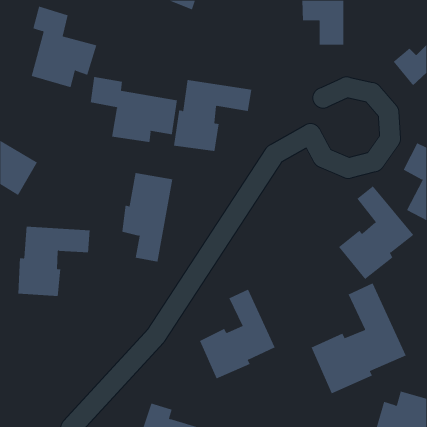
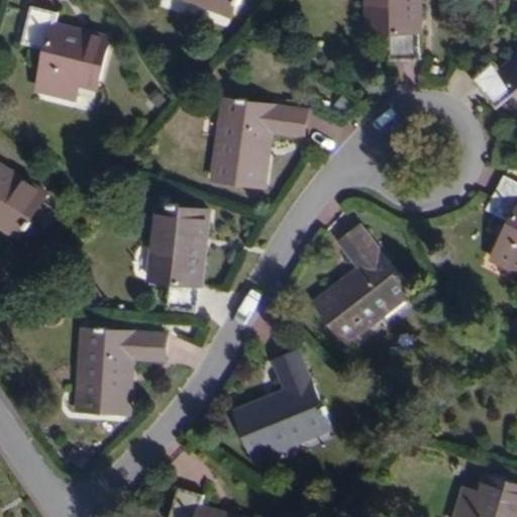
building: [90,76,178,143] -> none
building: [338,185,414,280] -> [318,227,410,341]
building: [18,226,90,296] -> [71,331,159,416]
building: [311,283,406,394] -> none

